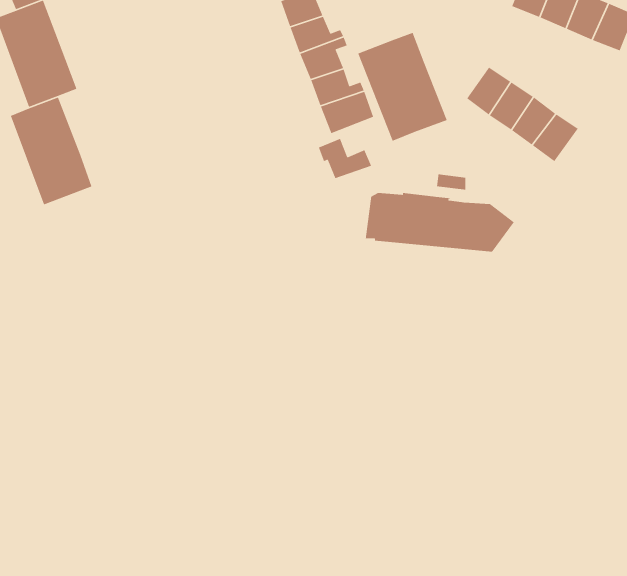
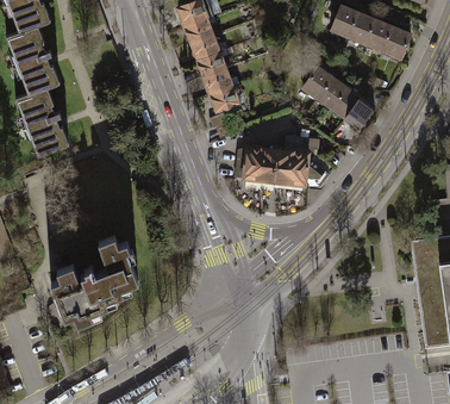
building: [357,32,448,142] -> none
building: none -> [50,234,140,323]

